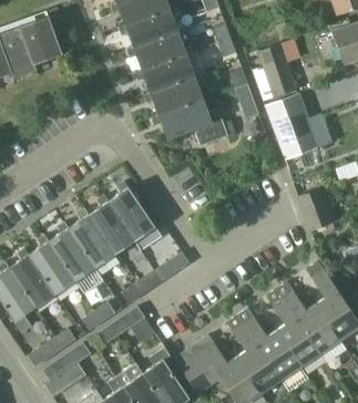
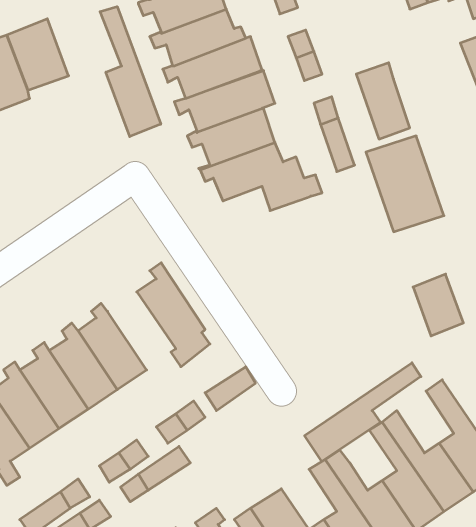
building: none -> [100,7,161,137]
building: [89,195,135,254] -> none
building: none -> [305,363,421,461]

